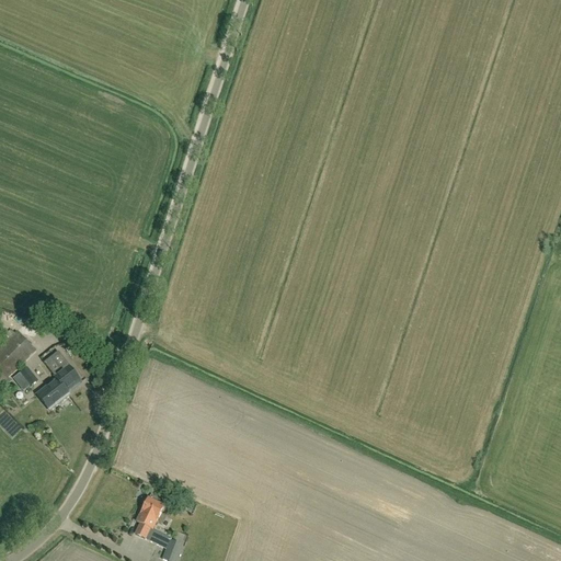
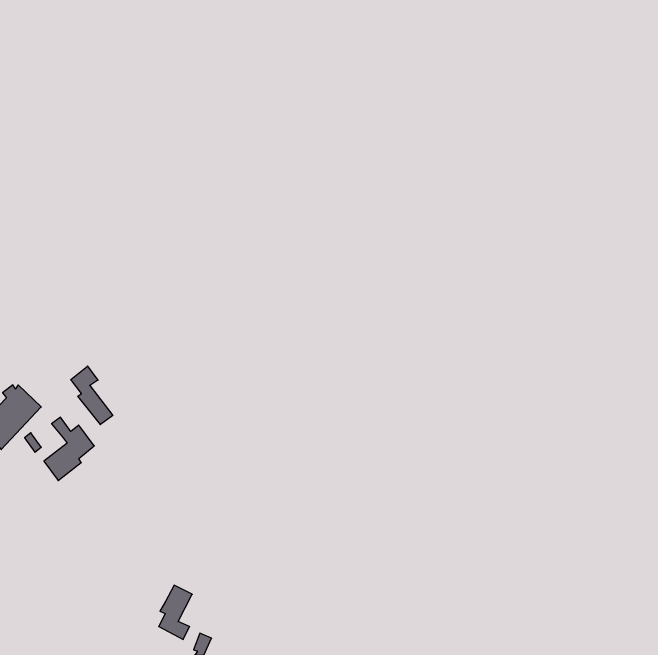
building: none -> [71,366,113,425]

